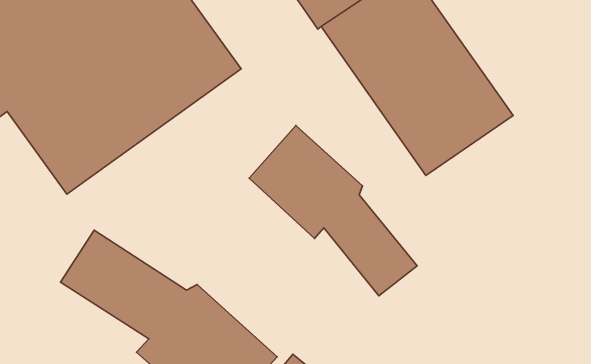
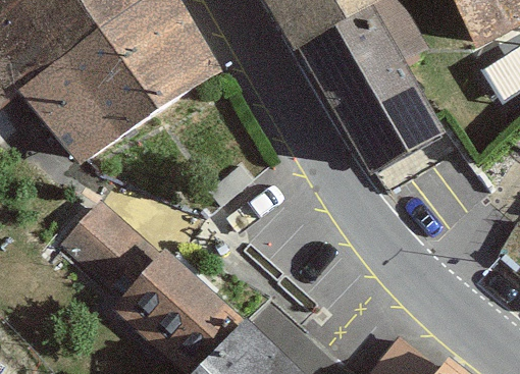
building: [249,126,417,296] -> none

